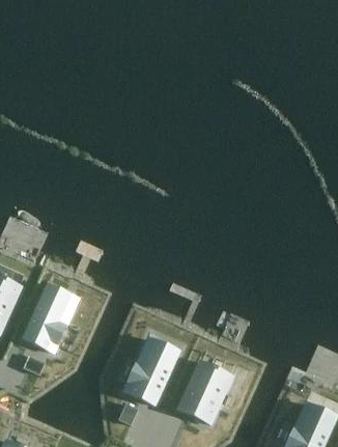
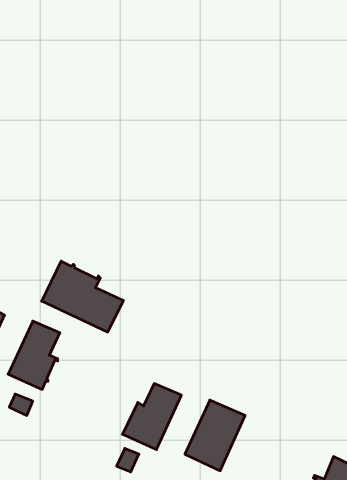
building: none -> [42,261,123,332]

